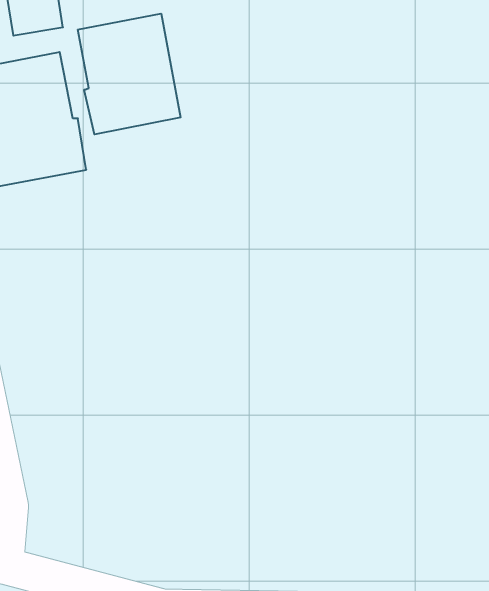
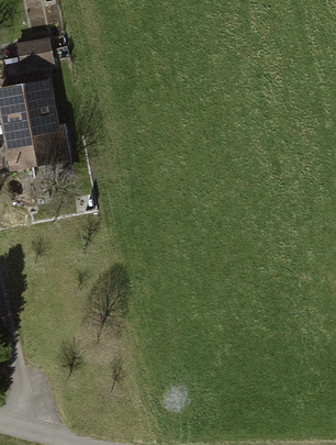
building: [78,14,181,134] -> none

